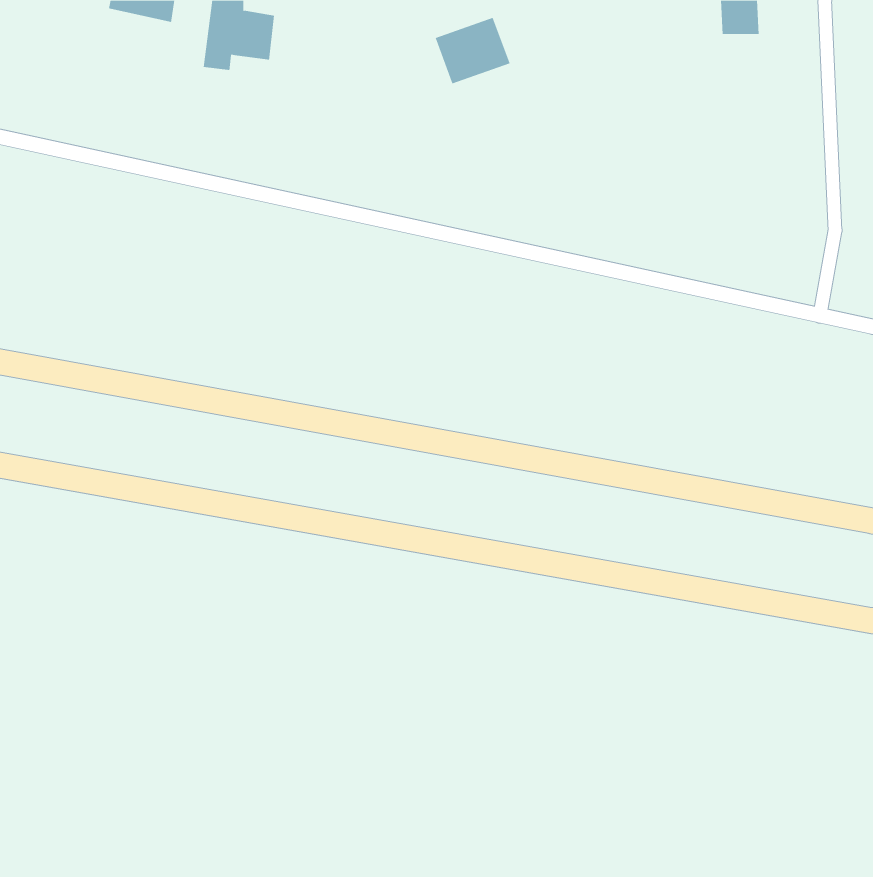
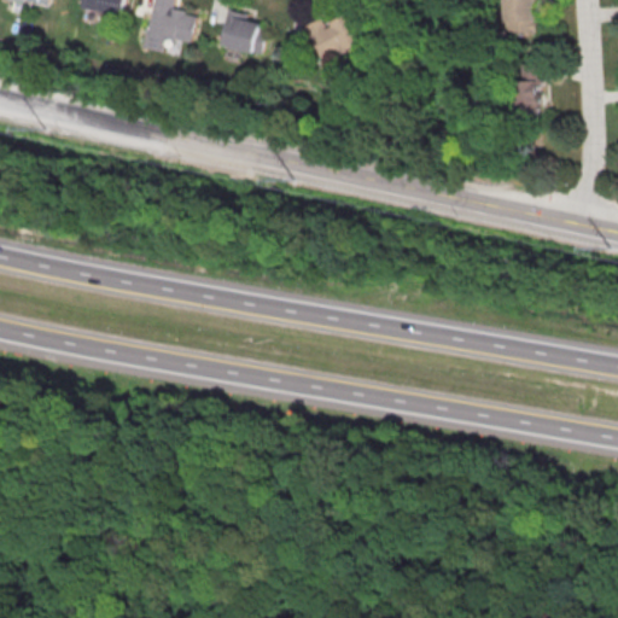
building: none -> [217,12,267,54]
building: none -> [519,64,540,116]

